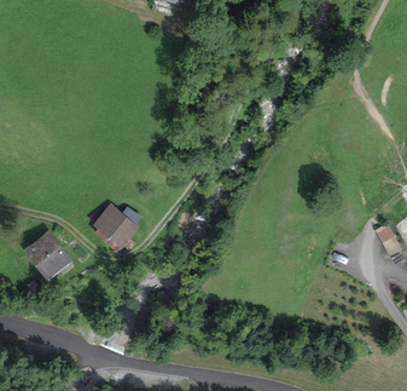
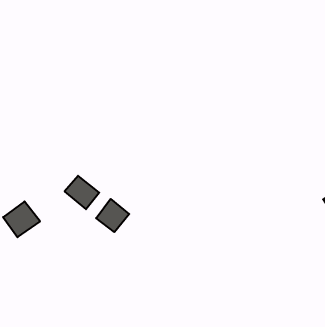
building: none -> [96,199,129,232]

